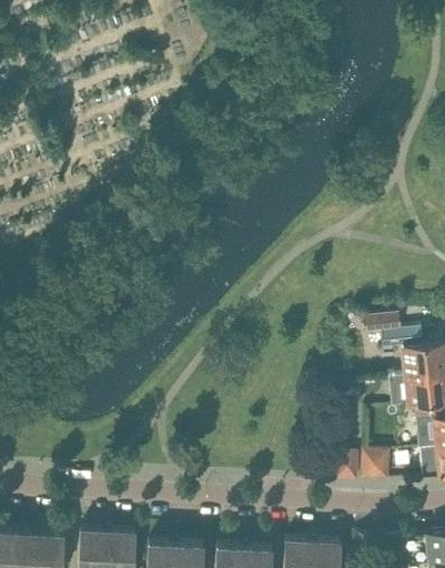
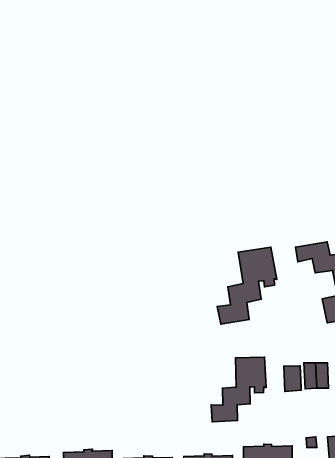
building: none -> [217,247,277,324]
building: none -> [211,357,266,422]

